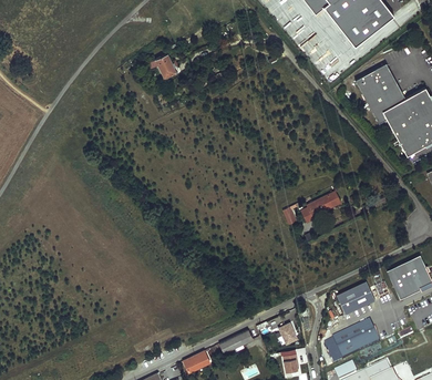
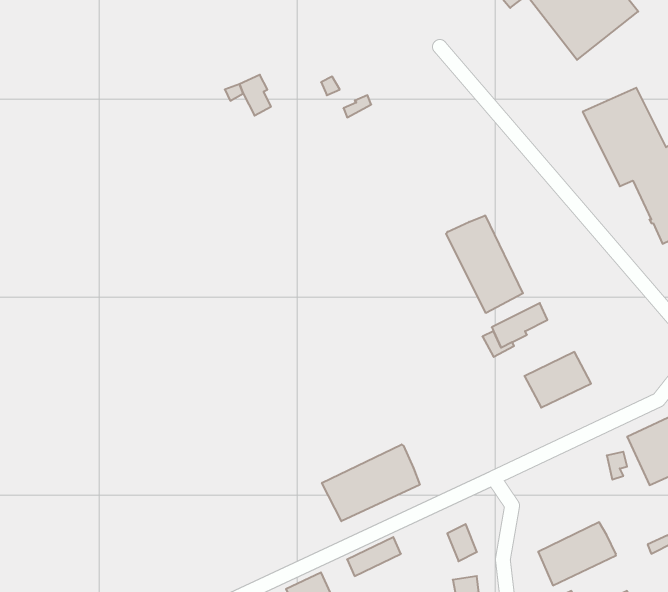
building: none -> [446,215,523,313]
building: none -> [322,444,420,521]
building: [336,280,376,314] -> [524,352,591,408]

